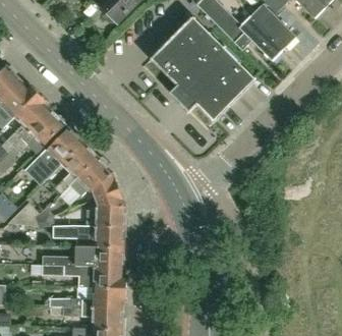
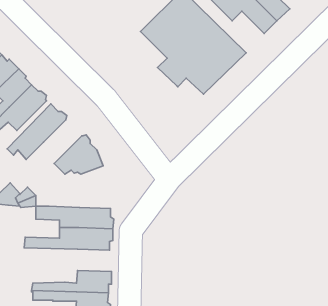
building: [54,143,97,193] -> none
building: [65,190,127,227] -> none
building: [42,265,126,287] -> none

